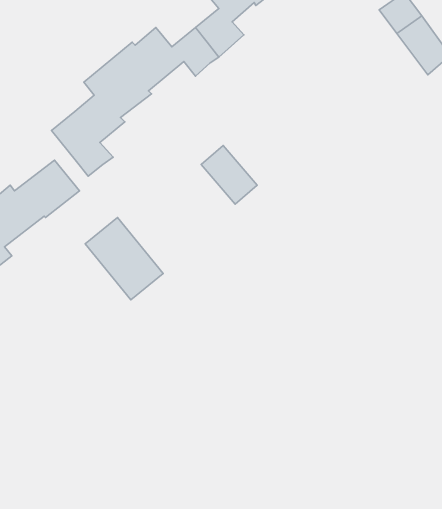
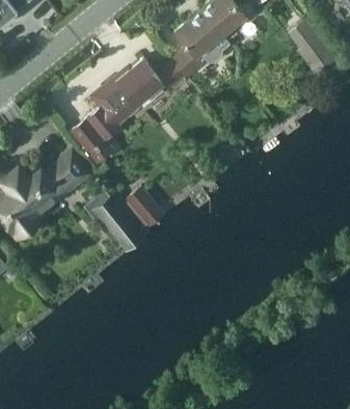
building: [201,145,257,204] -> [125,186,164,227]

